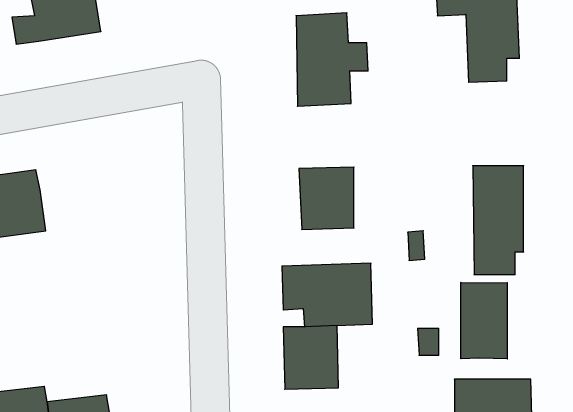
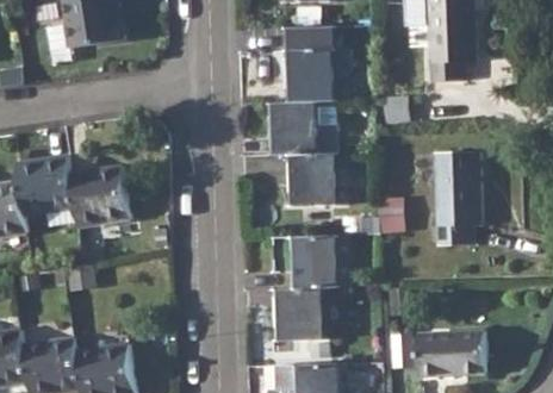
building: none -> [269,100,335,155]
building: none -> [70,167,128,225]
building: [461,282,507,359] -> none

